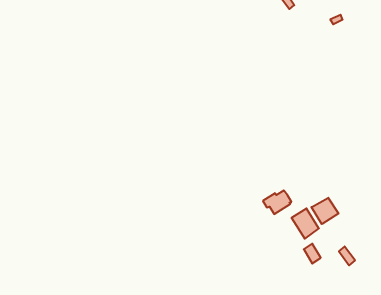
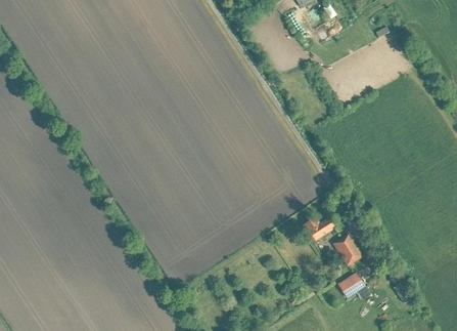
building: [311,198,338,224] -> none

